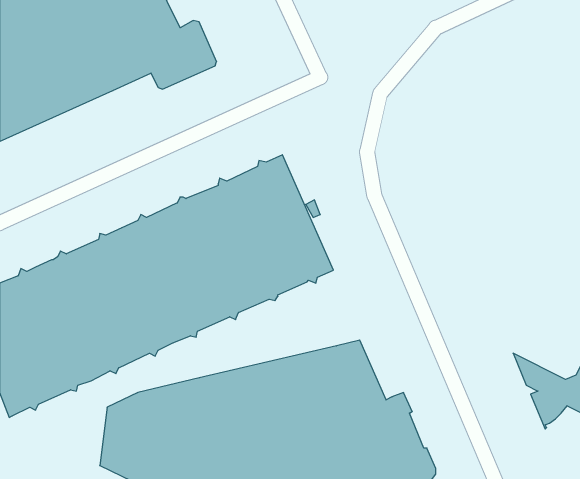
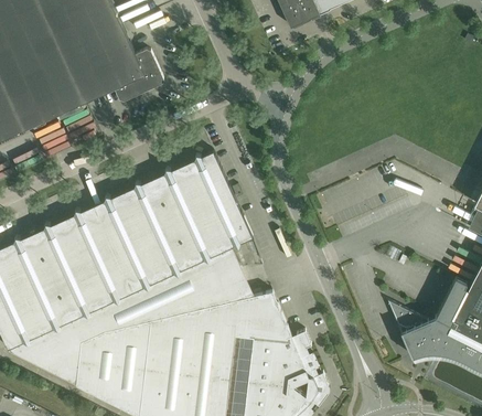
building: none -> [8,248,255,387]

